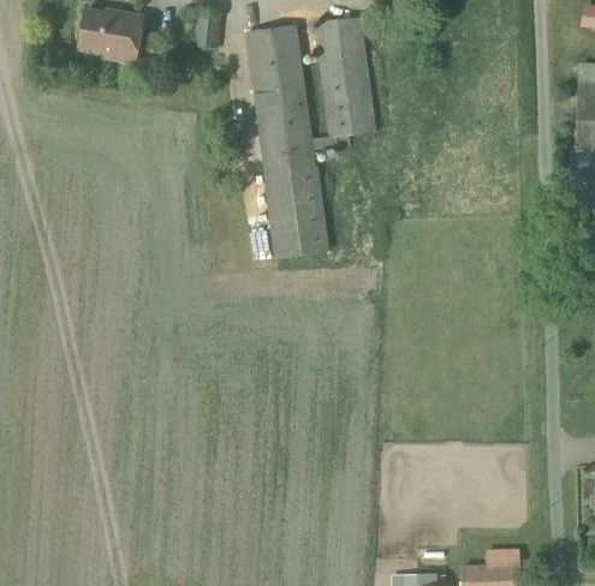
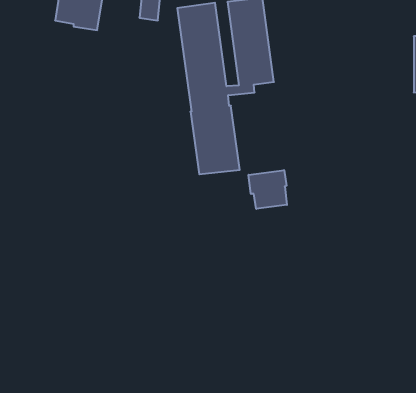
building: none -> [249,170,287,209]

